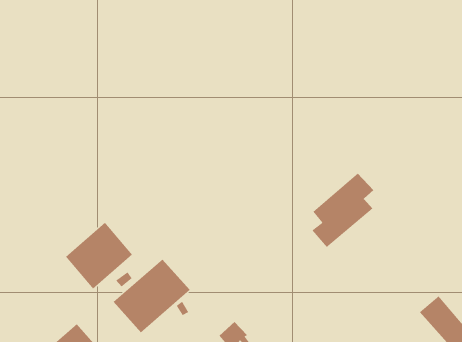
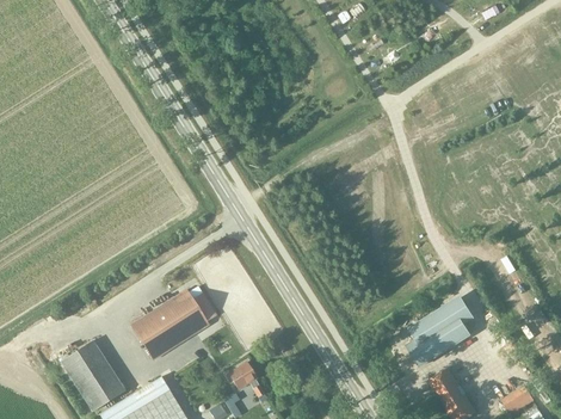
building: [312,173,374,248] -> [408,296,475,364]
building: [65,222,133,290] -> none

